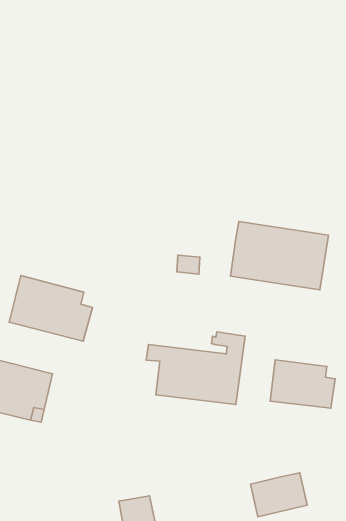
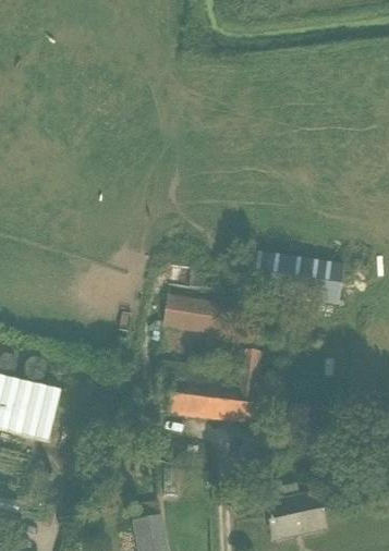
building: [9,275,92,341] -> none
building: none -> [163,293,223,334]
building: [270,360,335,408] -> none

